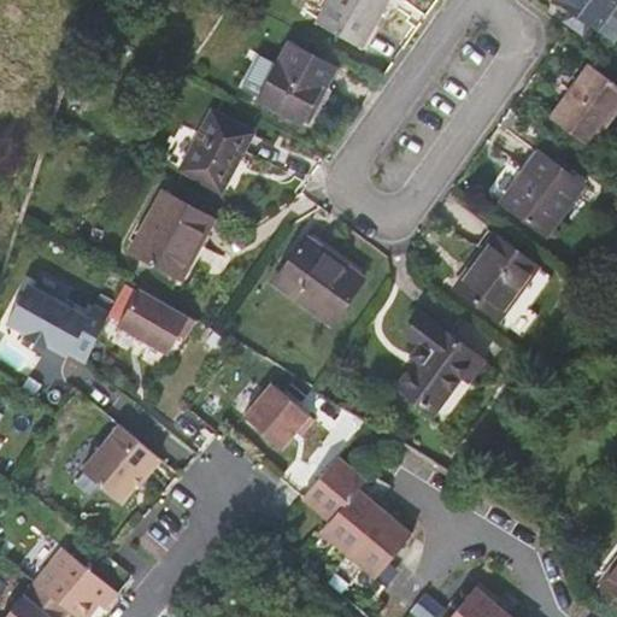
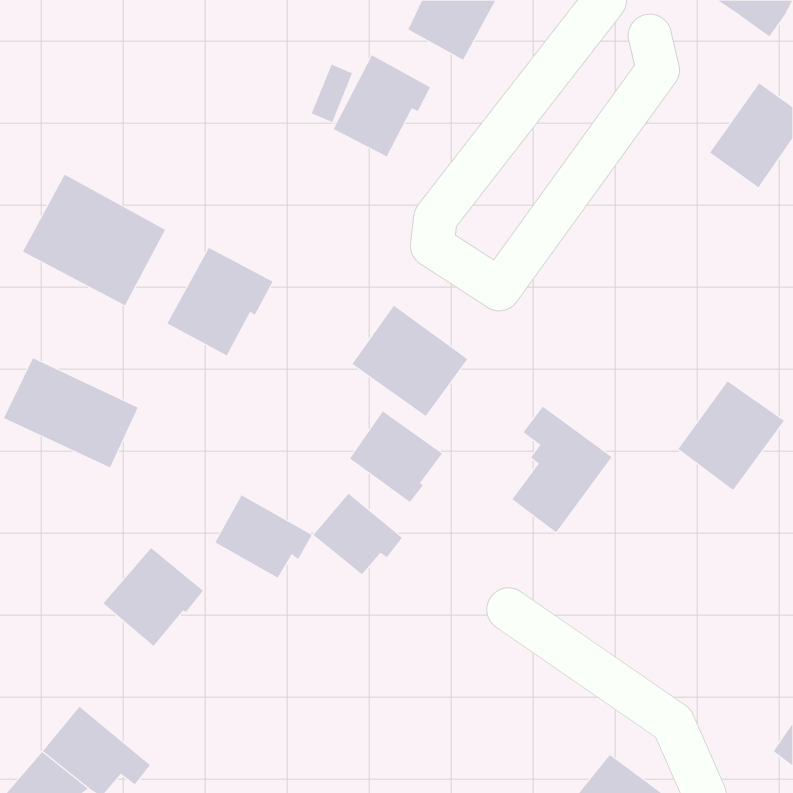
building: [182,113,249,189] -> none
building: none -> [22,174,166,306]
building: [501,153,582,235] -> none
building: [454,235,537,321] -> [678,381,785,491]
building: [121,287,196,352] -> [215,494,313,578]
building: none -> [349,410,443,503]
building: [305,452,415,578] -> none

